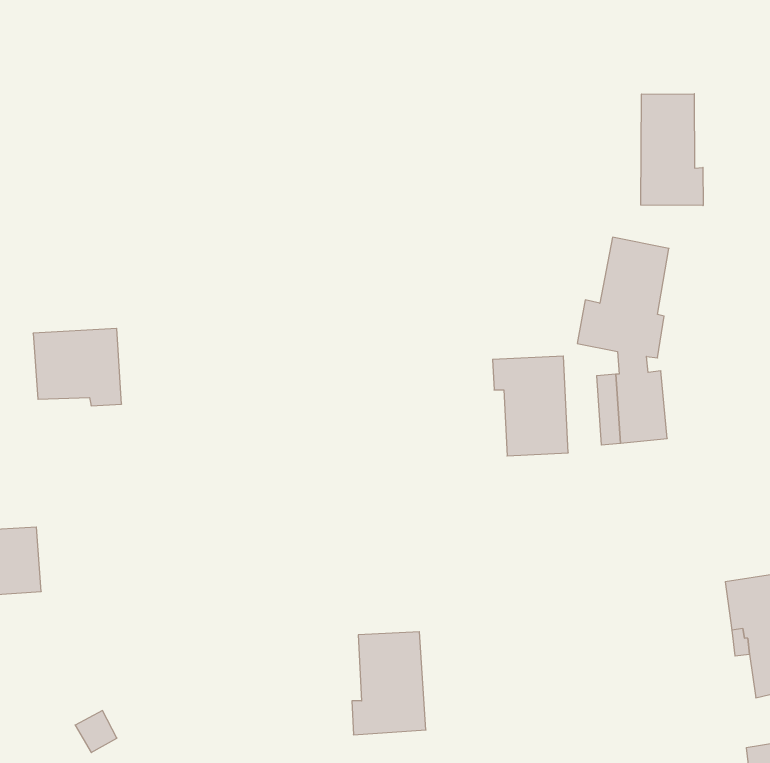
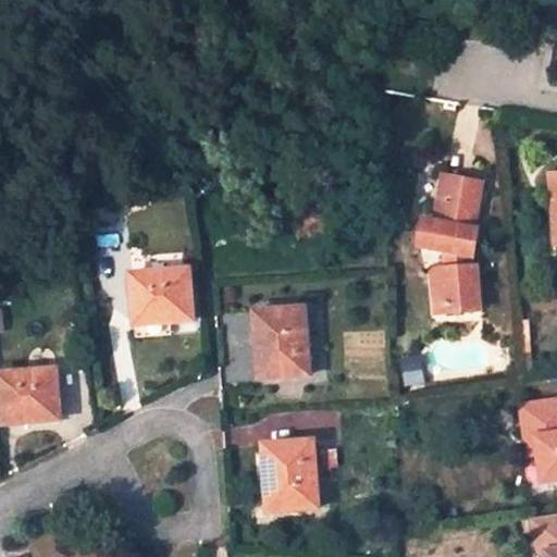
building: [641,94,703,206] -> none
building: [33,328,122,406] -> [132,268,191,320]
building: [493,356,568,456] -> [256,308,307,375]

